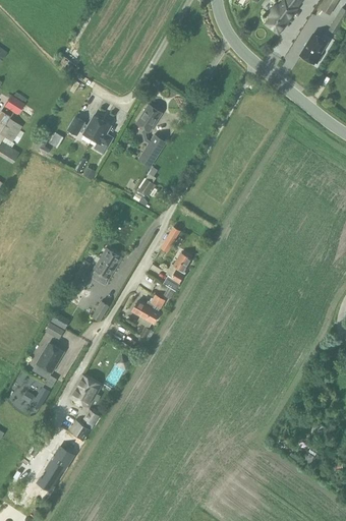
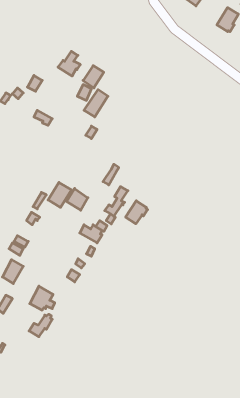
building: [88,121,115,152] -> [58,51,80,76]
building: none -> [67,188,88,210]
building: none -> [126,201,148,224]
building: [40,445,75,488] -> none

